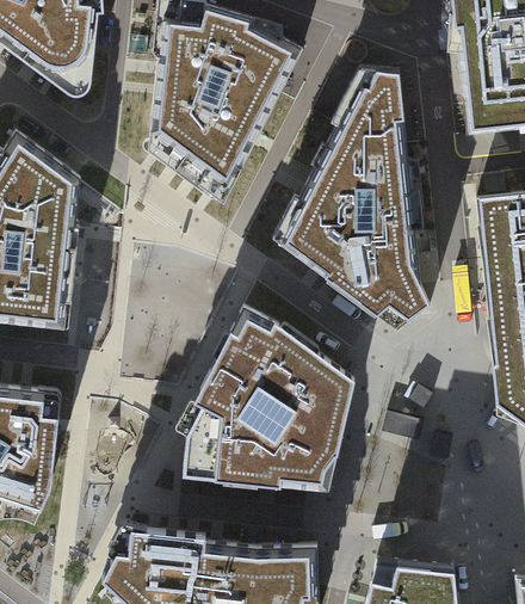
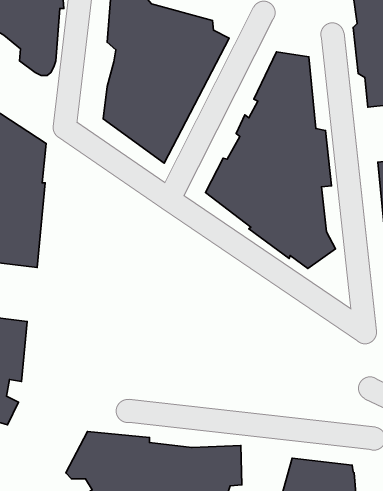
building: [184,307,354,491] -> none

